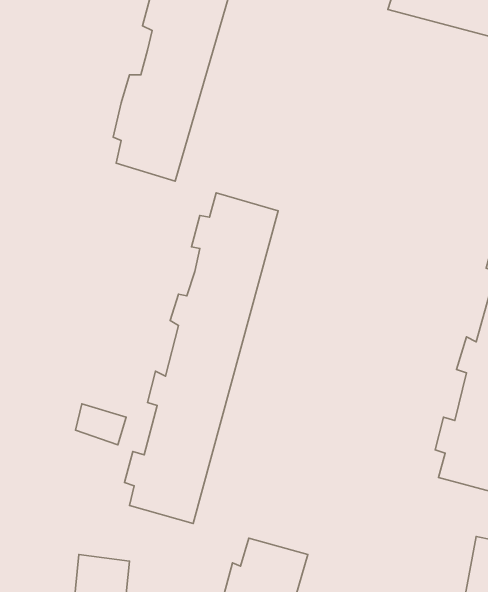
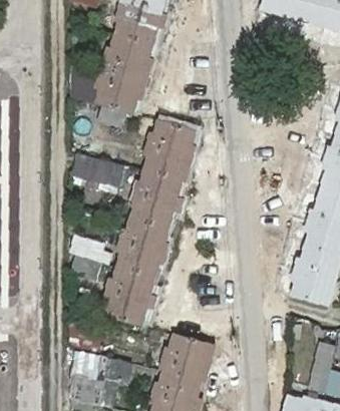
building: none -> [70,149,124,178]

